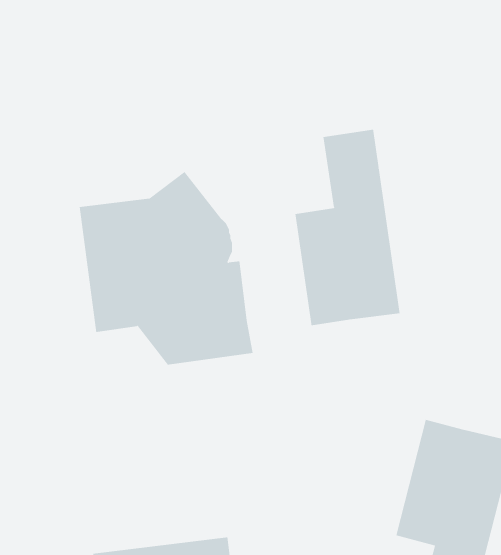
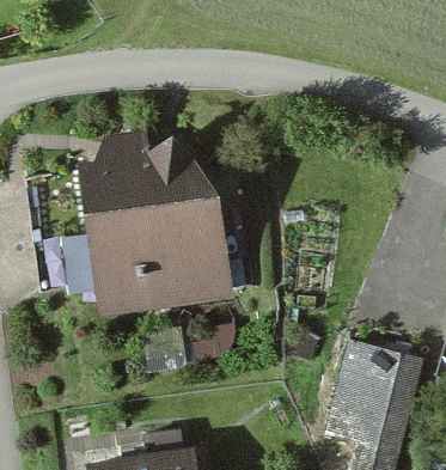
building: [295,129,400,326] -> none

